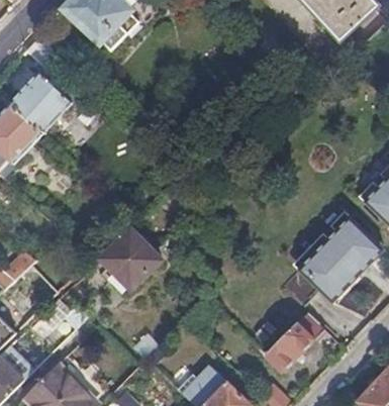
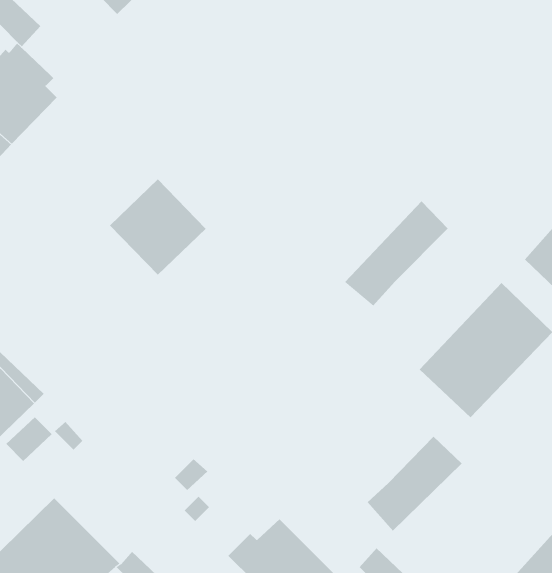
building: none -> [344,200,448,306]
building: [100,229,161,290] -> [109,179,206,276]

